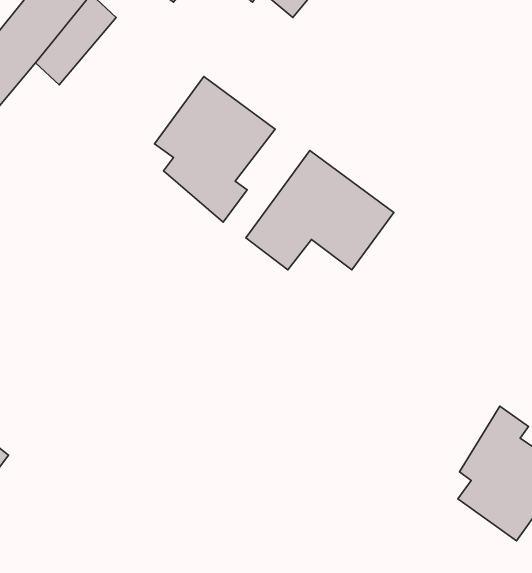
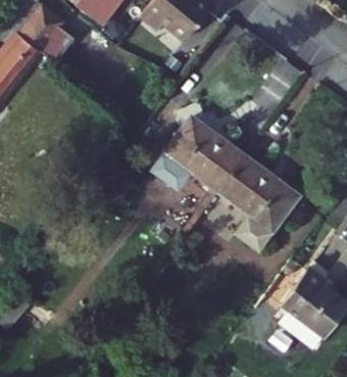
building: [154,77,275,222] -> none
building: none -> [219,154,293,245]

